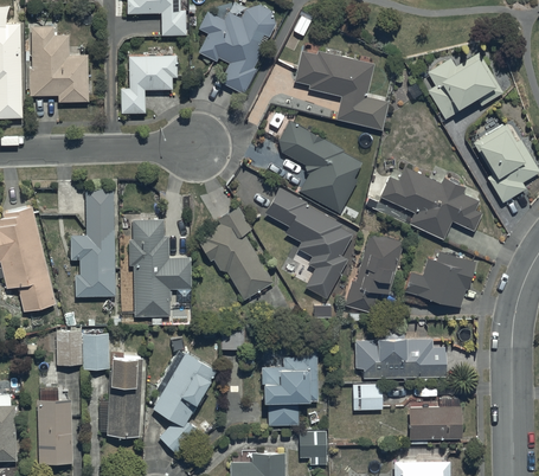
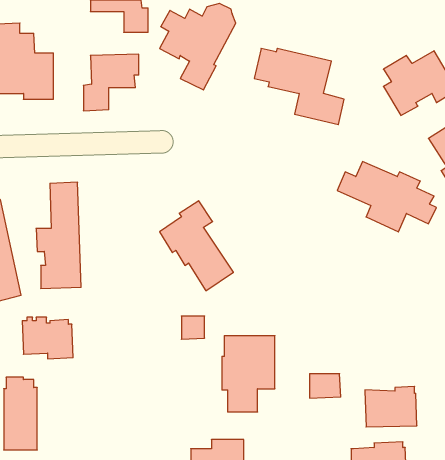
building: [278,121,362,214] -> none
building: [264,187,353,298] -> none
building: [129,219,191,316] -> none
building: [344,232,403,313] -> none
building: [405,252,475,308] -> none
building: [355,333,445,381] -> none
building: [152,350,218,456] -> none
building: [98,355,140,435] -> none
building: [300,431,327,464] -> none

